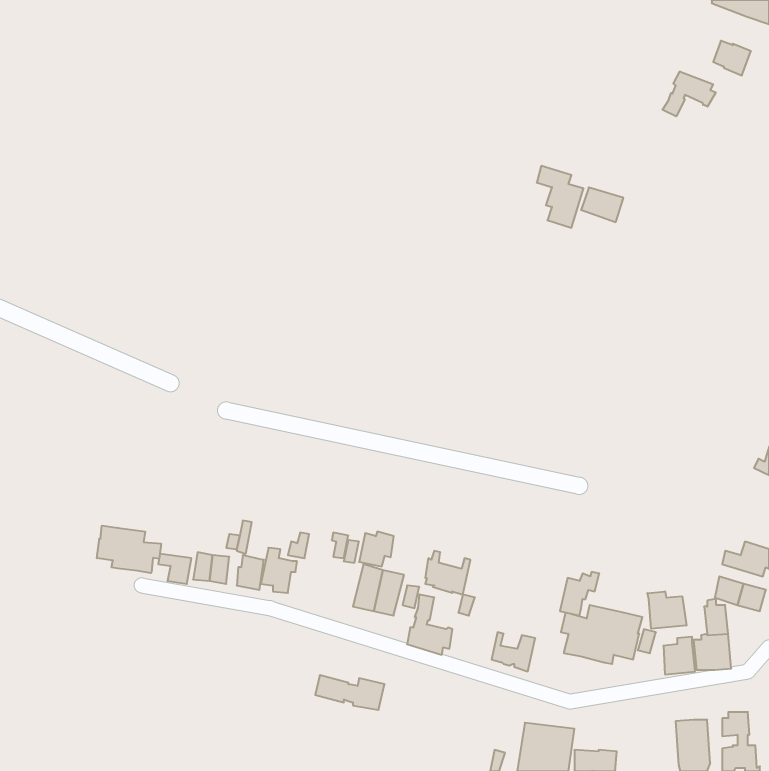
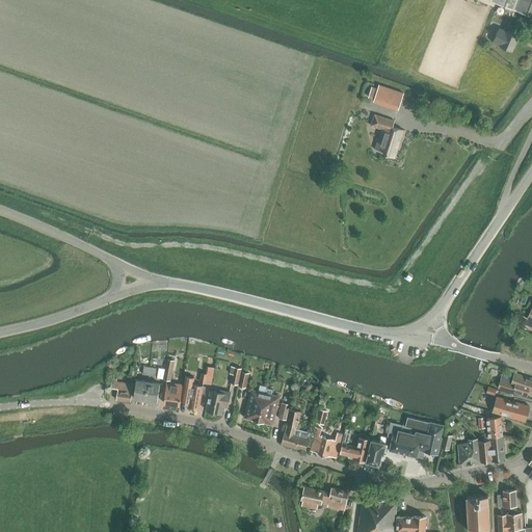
building: [662,71,716,116] -> none
building: [581,187,623,222] -> [373,85,402,109]
building: [97,526,161,573] -> none
building: [359,532,394,566] -> [205,390,229,414]
building: [425,551,470,594] -> [310,428,341,458]
building: [560,572,599,616] -> [365,435,392,466]
building: [647,591,686,629] -> none
building: [315,675,385,710] -> [300,486,348,510]

